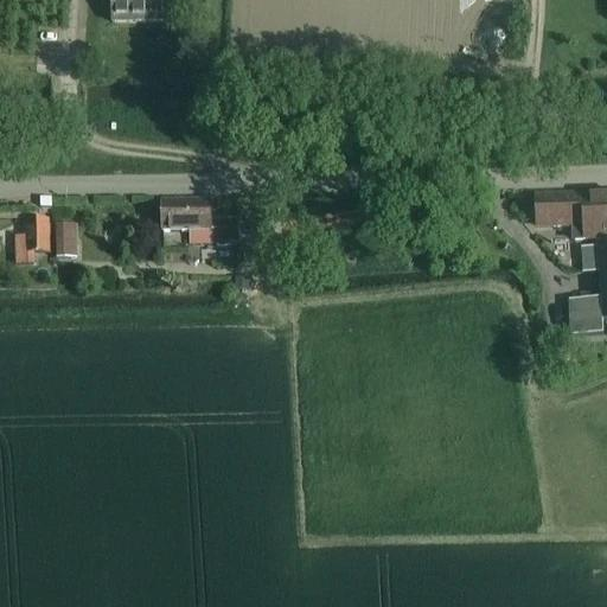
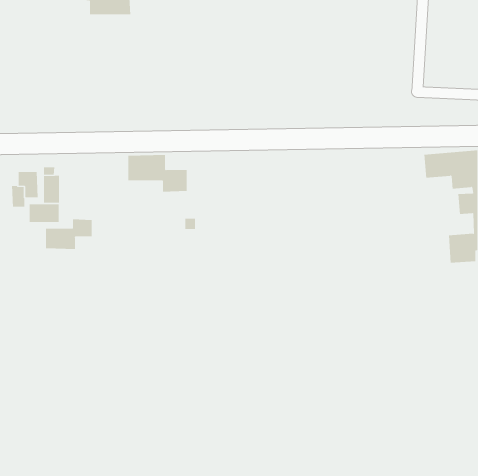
building: none -> [29,203,59,223]
building: none -> [45,219,92,250]

